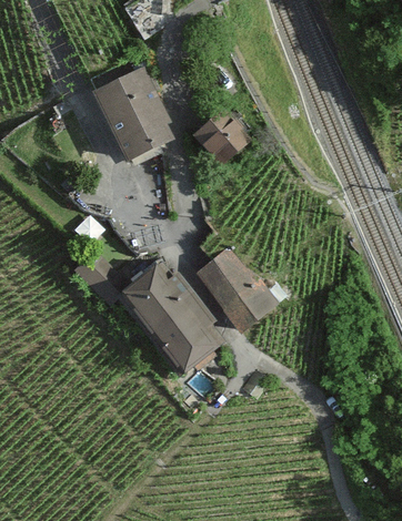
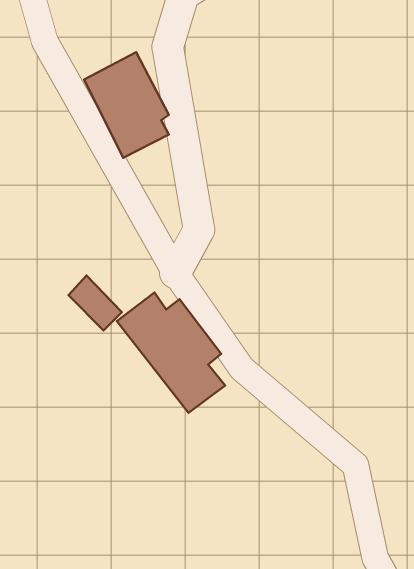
building: [198,113,250,165] -> none
building: [199,251,273,331] -> none

